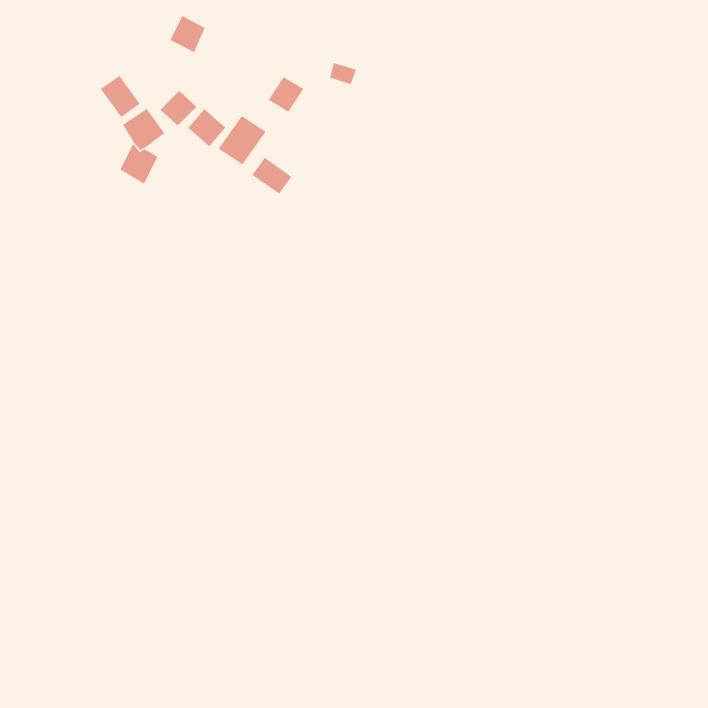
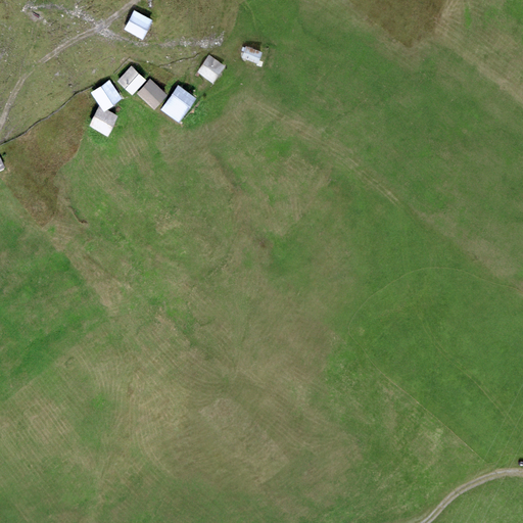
building: [100,75,140,118] -> none
building: [252,157,292,195] -> none

